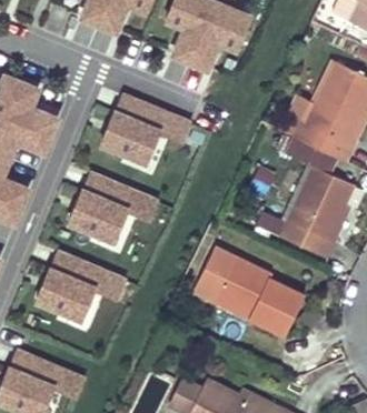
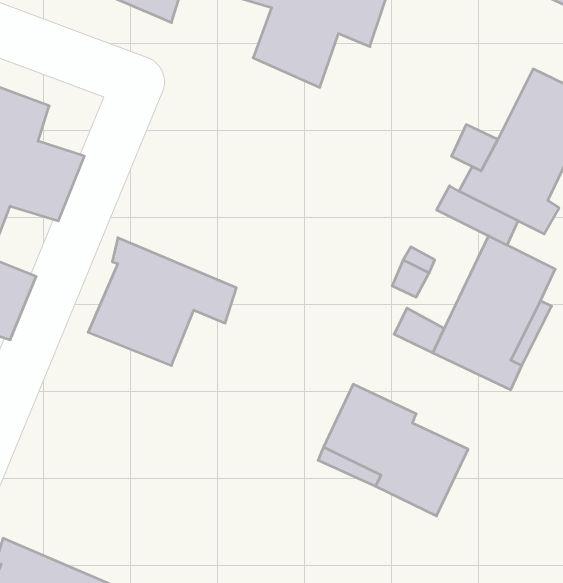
building: [96,91,185,168] -> none
building: [33,244,122,321] -> none

